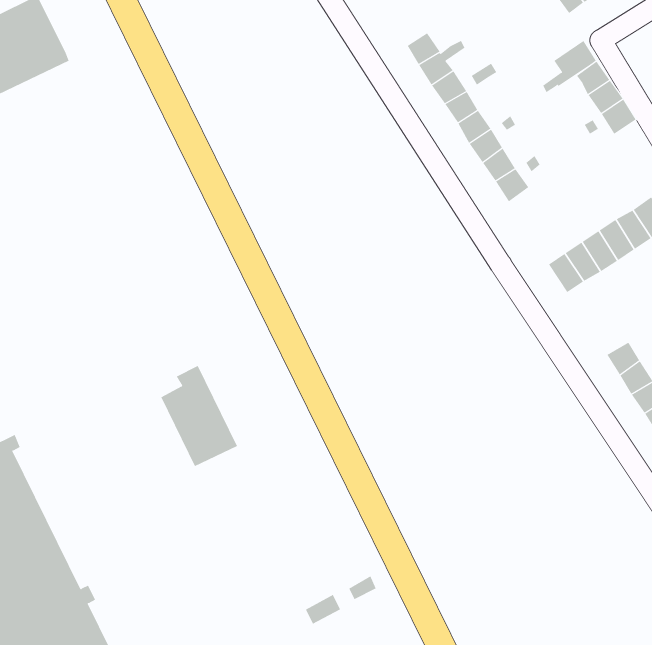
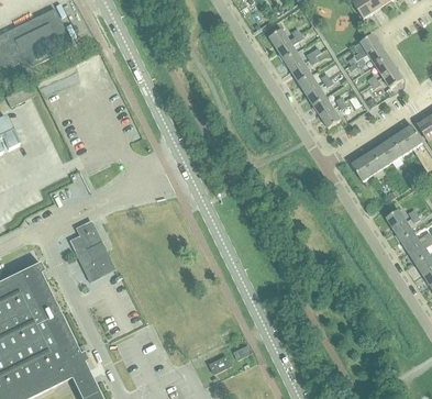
building: [161,365,238,467] -> [69,221,114,280]

